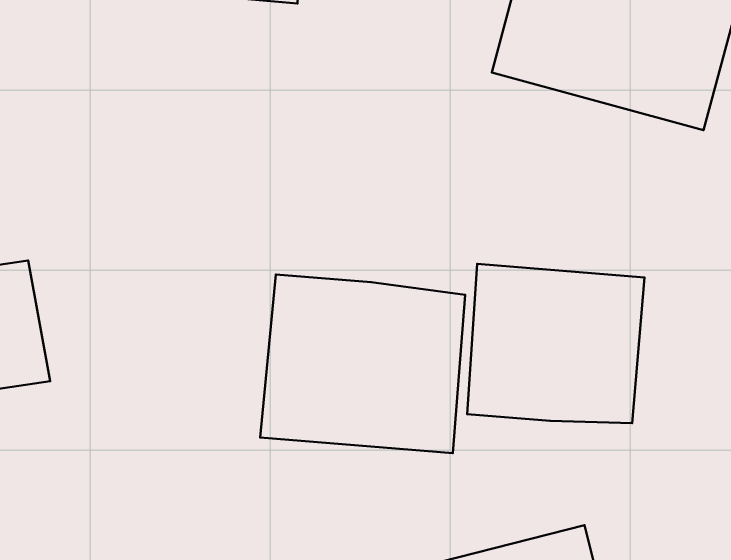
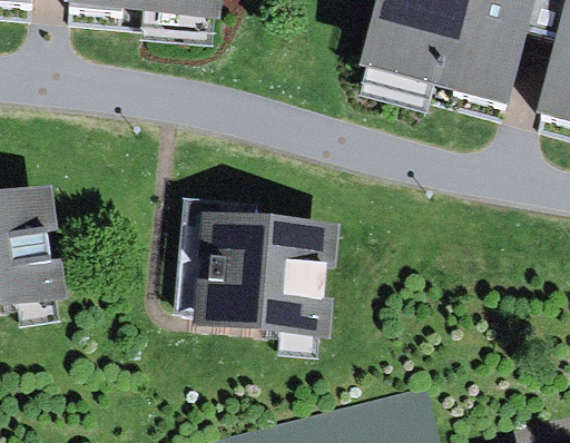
building: [467,264,644,423] -> none

